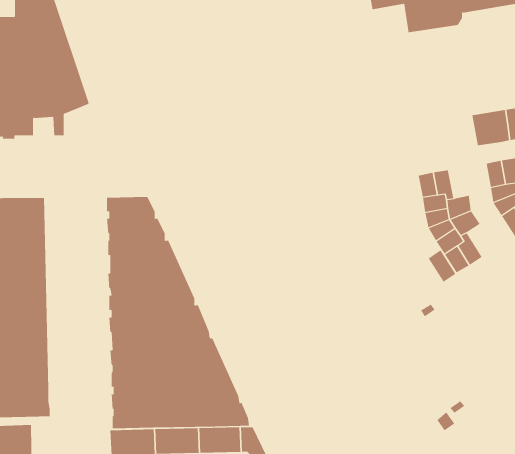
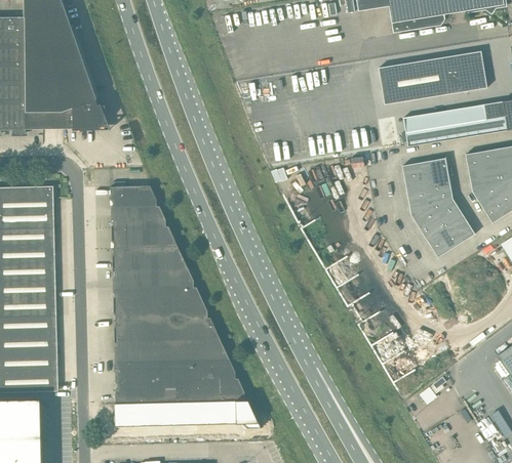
building: none -> [378,50,486,103]
building: none -> [71,98,104,129]
building: none -> [402,109,457,145]
building: none -> [430,157,449,186]
building: [428,250,456,283] -> [447,210,474,241]

